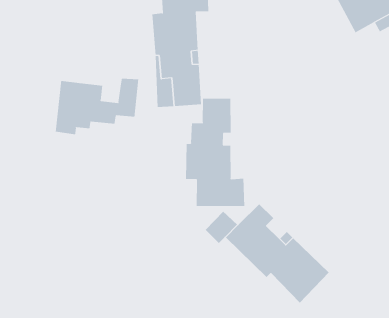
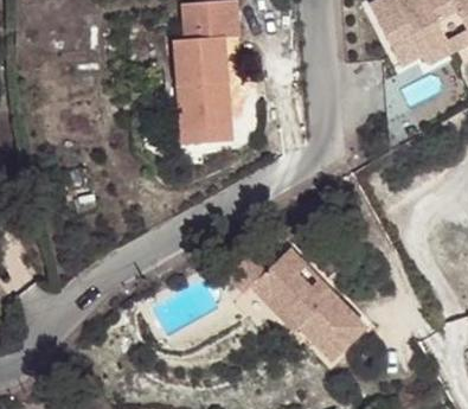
building: [55,78,139,135] -> none
building: [186,98,245,207] -> none

